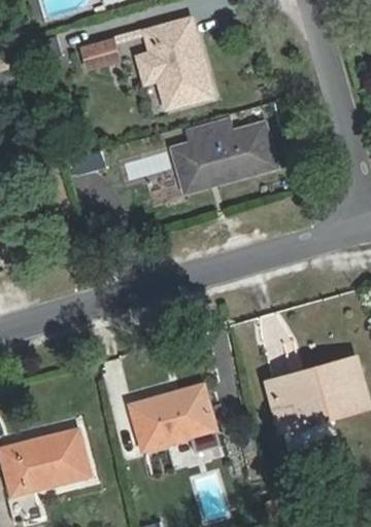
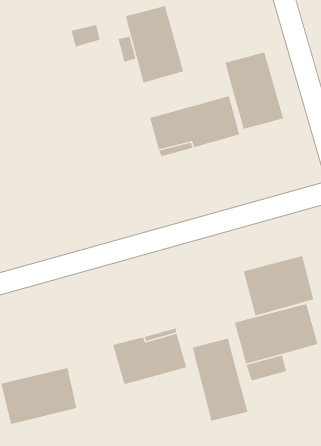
building: none -> [224,52,284,130]
building: none -> [243,255,314,317]
building: none -> [192,337,248,422]

